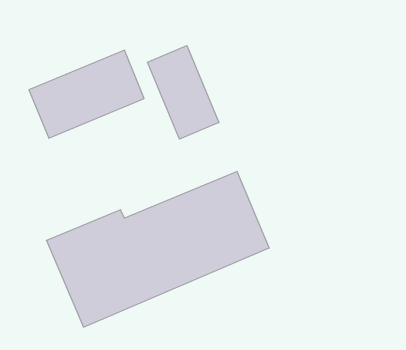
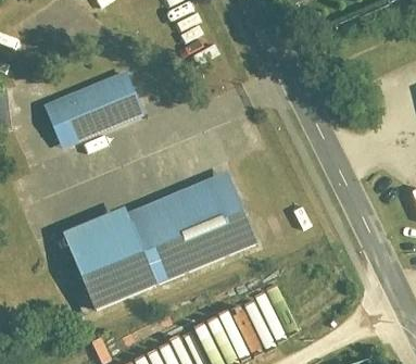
building: [148,46,219,139] -> none

